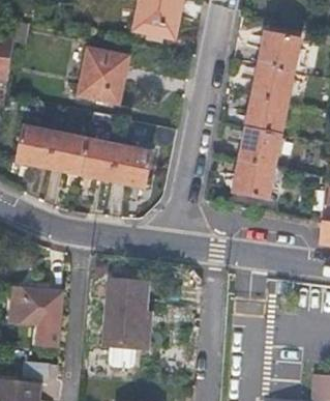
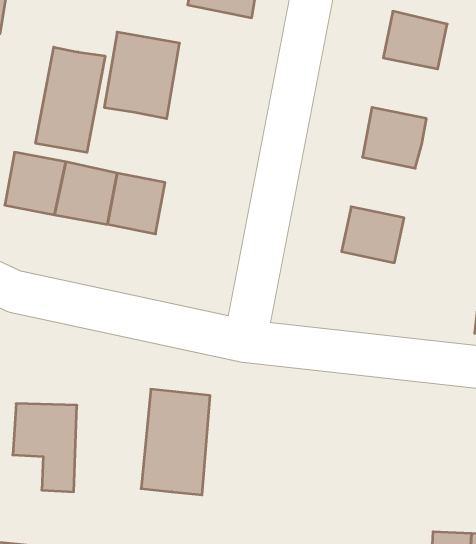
building: none -> [36,47,105,152]
building: [251,65,294,105] -> none
building: [238,130,279,169] -> none
building: [112,146,151,185] -> none

